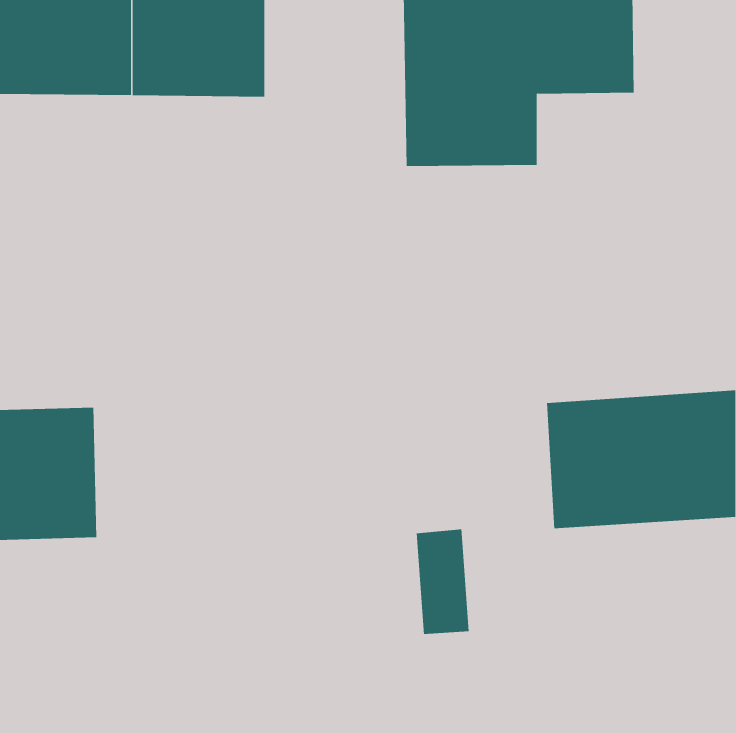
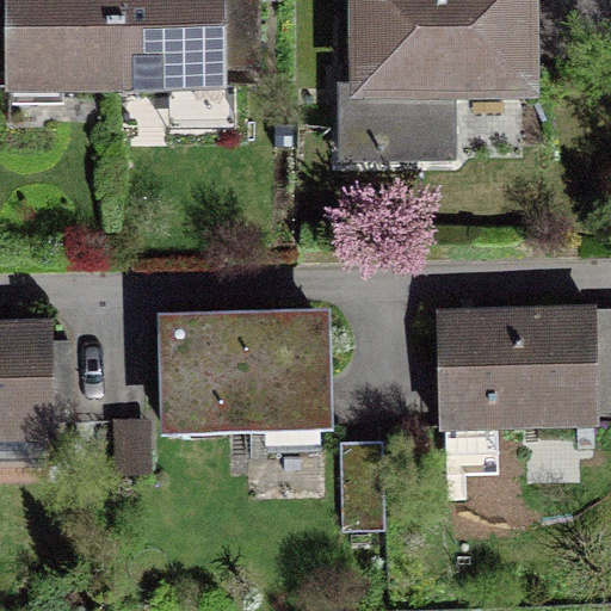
building: none -> [159,319,338,432]

